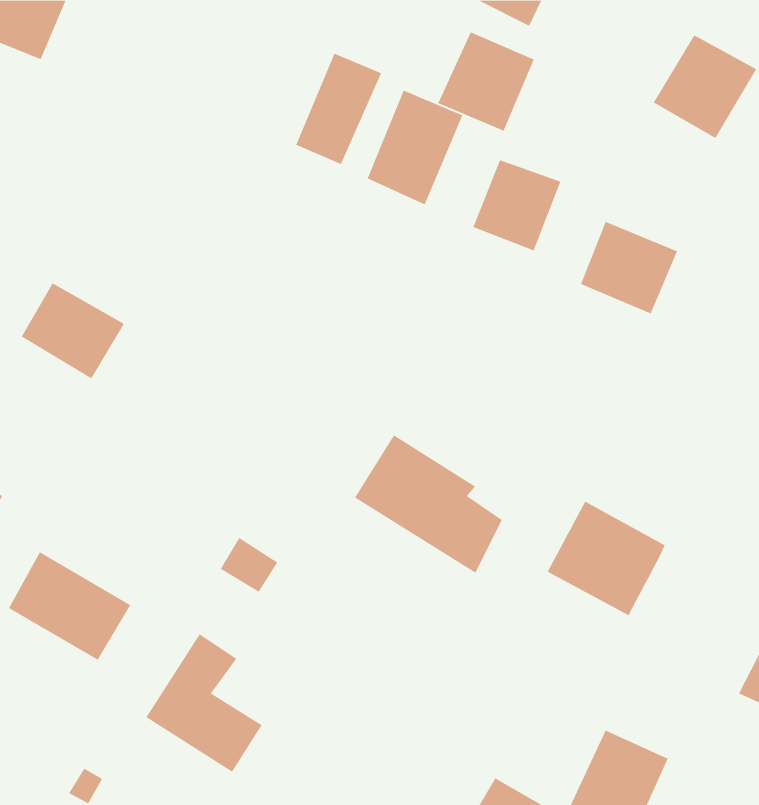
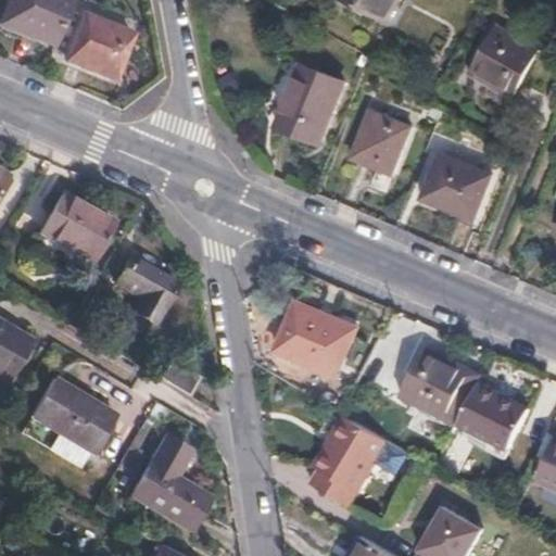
building: none -> [66,14,134,78]
building: [437,32,534,132] -> none
building: [295,53,382,165] -> none
building: none -> [112,261,170,324]
building: none -> [458,383,533,450]
building: none -> [313,415,390,505]

